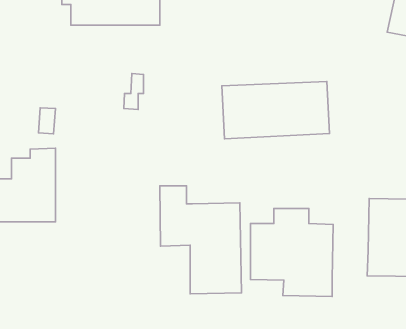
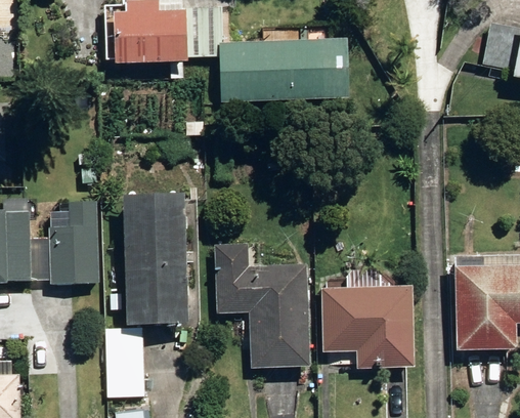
building: [222,81,330,139] -> [220,40,343,106]
building: none -> [123,189,188,323]
building: none -> [109,336,143,399]

